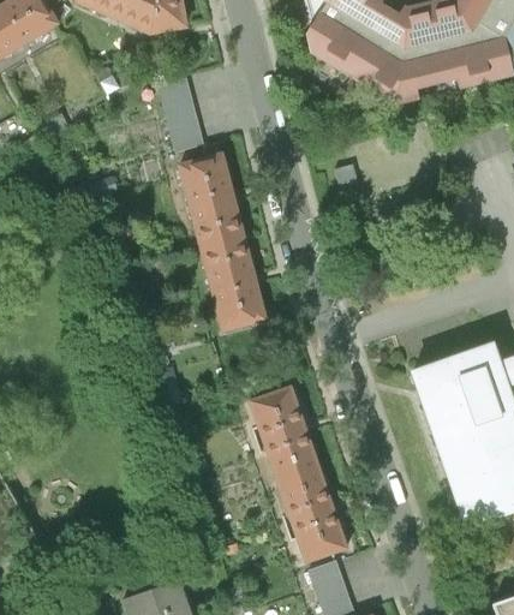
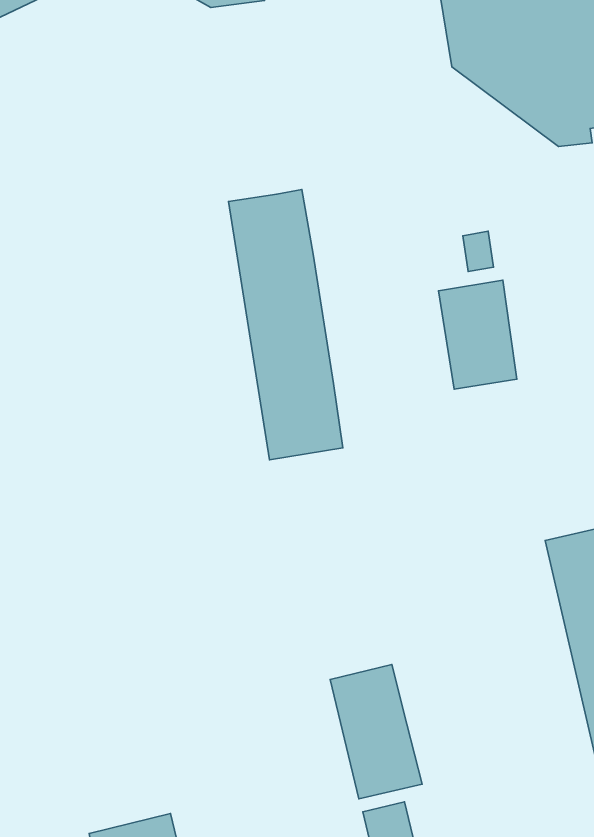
building: [154,77,207,162] -> none
building: none -> [438,280,517,389]
building: [249,386,317,480] -> none

